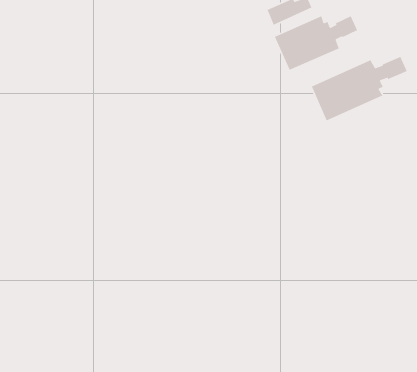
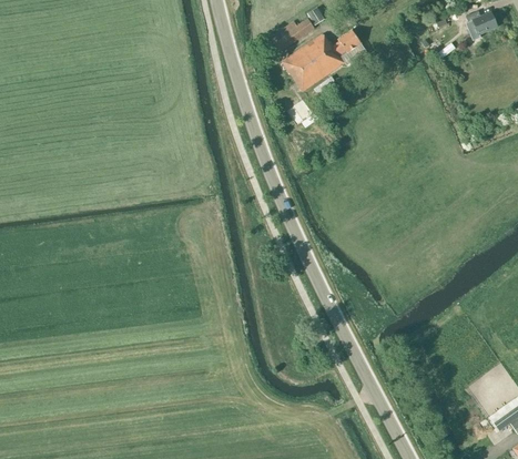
building: [311,56,408,121] -> none

